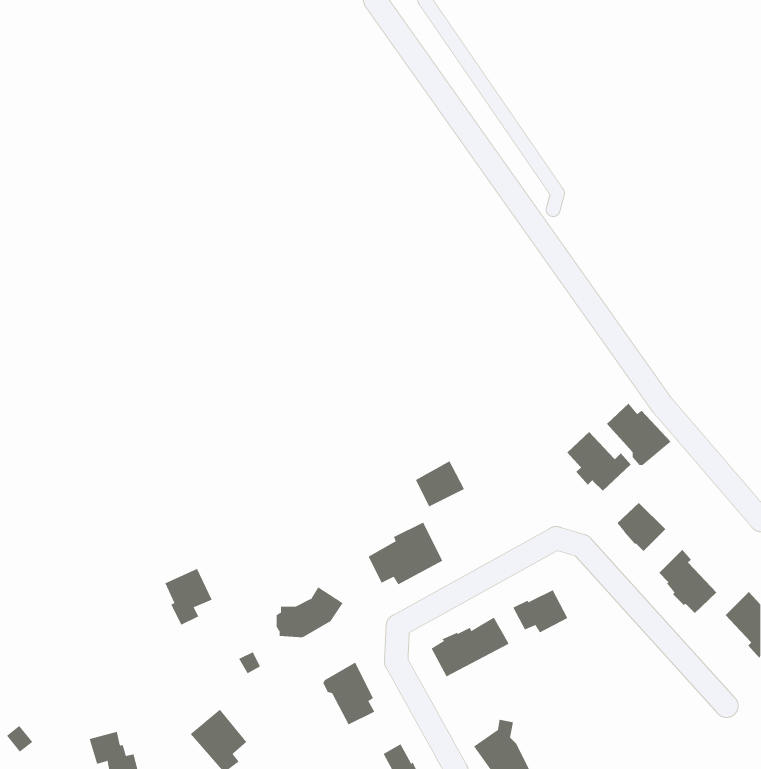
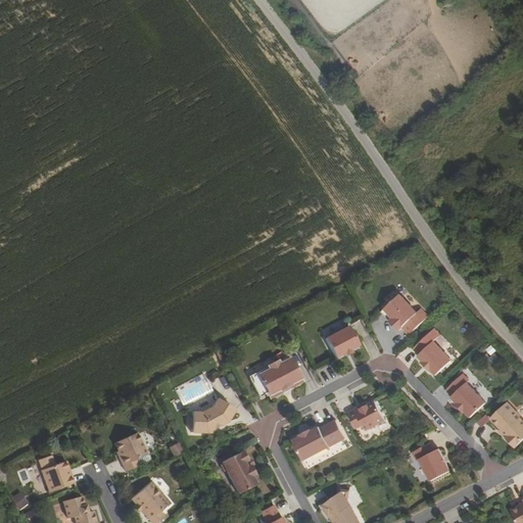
building: [606,403,671,466] -> none
building: [415,460,465,507] -> [325,325,359,356]
building: [164,568,213,626] -> [112,434,145,473]
building: none -> [412,443,450,481]
building: none -> [40,463,73,493]

